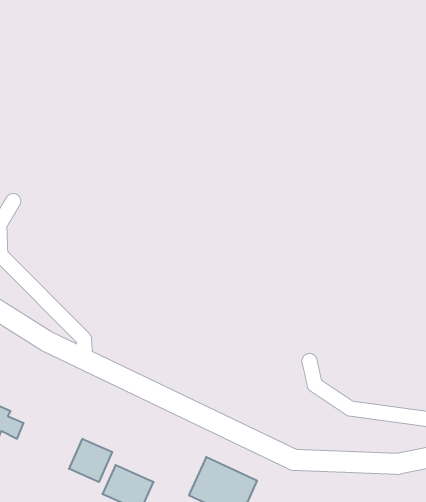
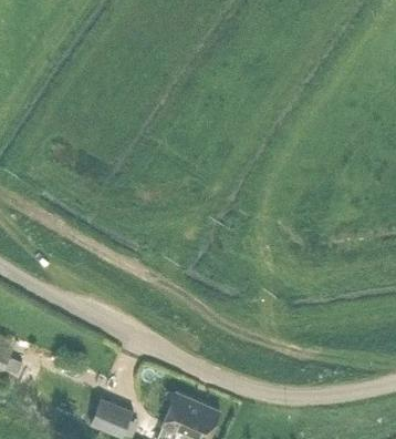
building: [69,439,112,482] -> none

